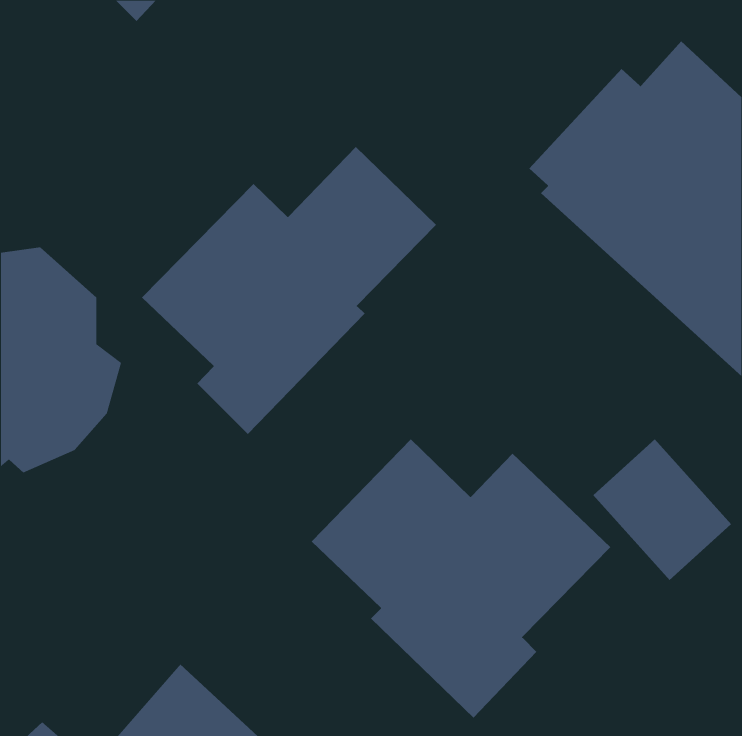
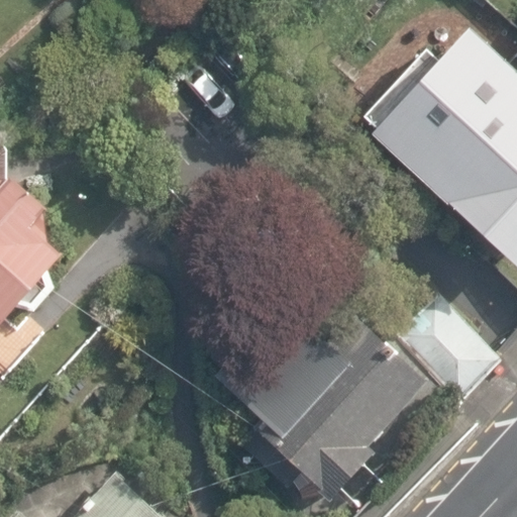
building: [141,146,437,435] -> none

